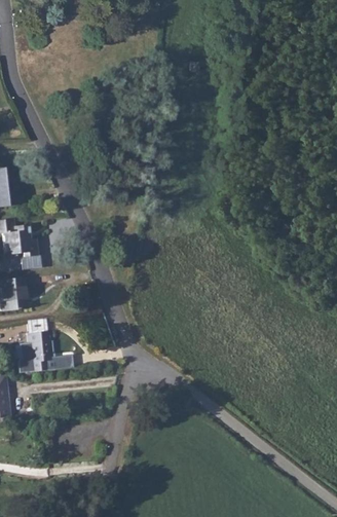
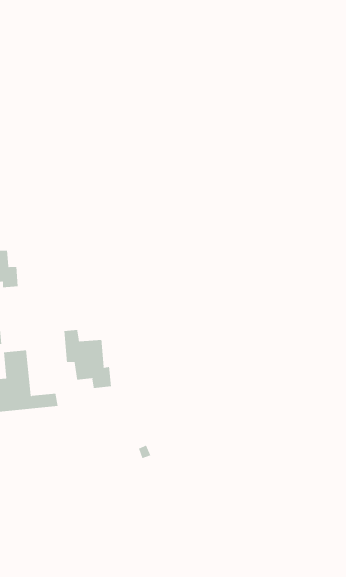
building: none -> [64,329,112,389]

